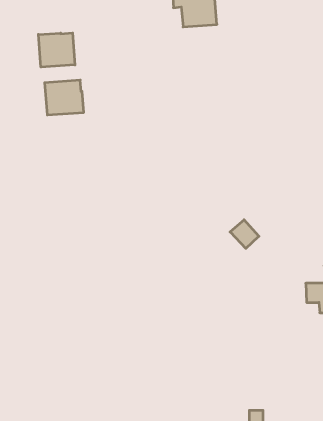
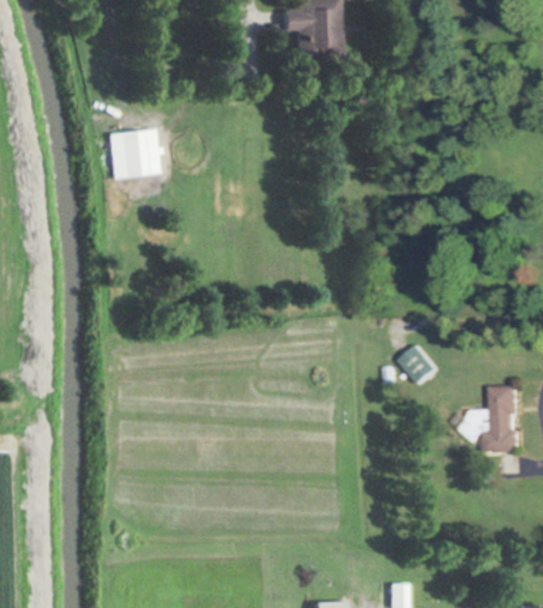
building: [38,33,75,67] -> none
building: [230,220,259,248] -> [399,347,439,386]

